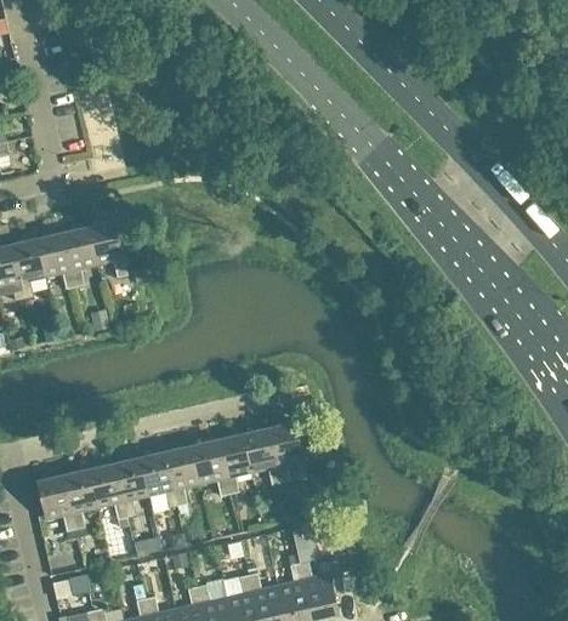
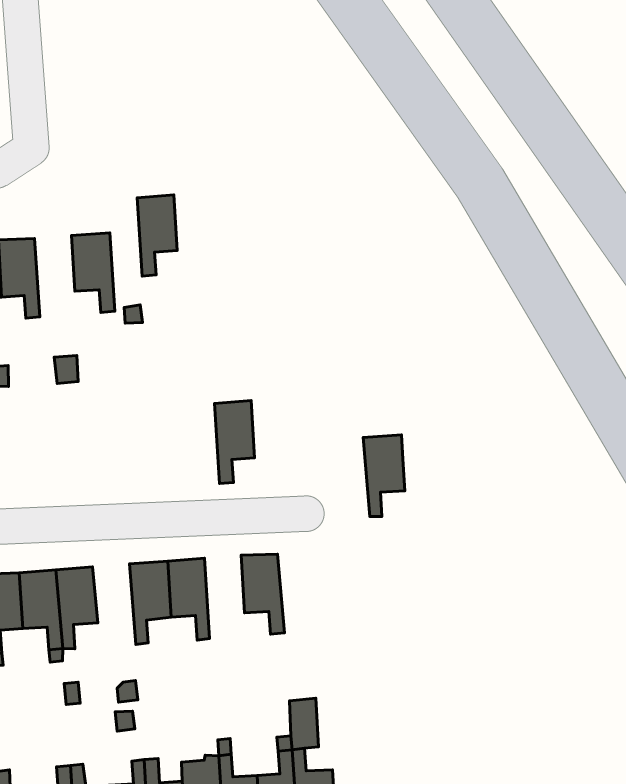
building: [62,227,96,287] -> [137,195,177,276]
building: [267,422,302,483] -> [363,435,405,517]
building: [216,433,250,495] -> [215,400,254,484]
building: [138,451,177,509] -> none

